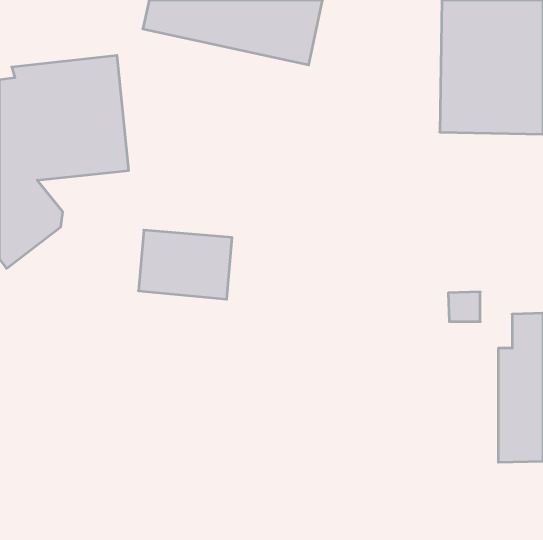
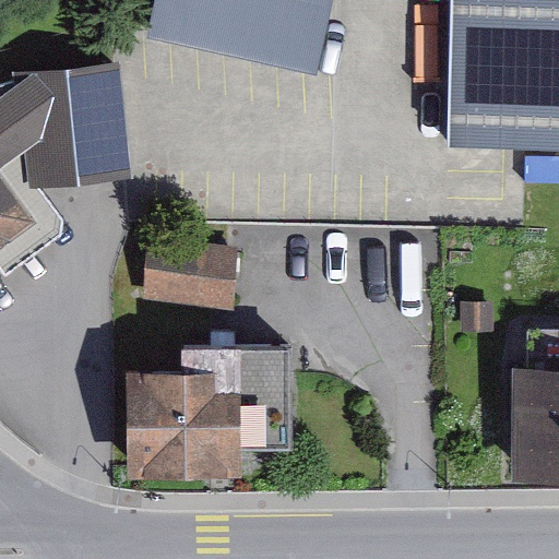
building: none -> [126,341,294,475]

